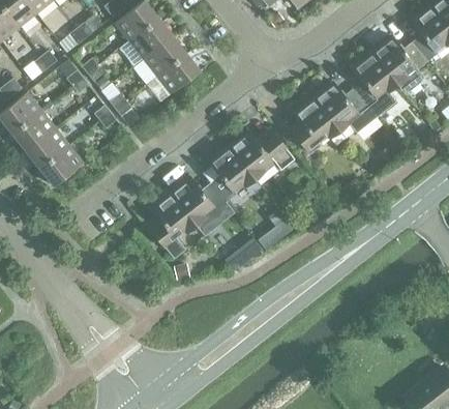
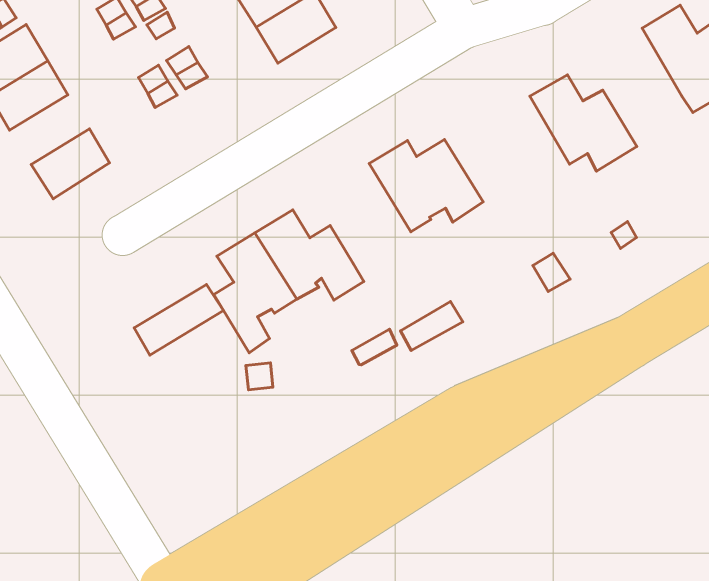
building: [352,52,398,118] -> none
building: [294,97,340,155] -> none
building: [26,128,70,170] -> none
building: [209,146,257,203] -> none
building: none -> [134,285,223,355]

